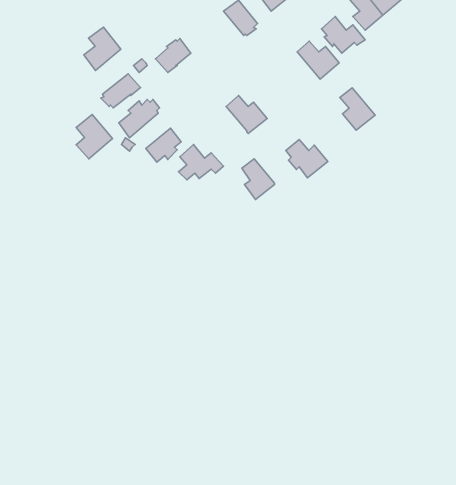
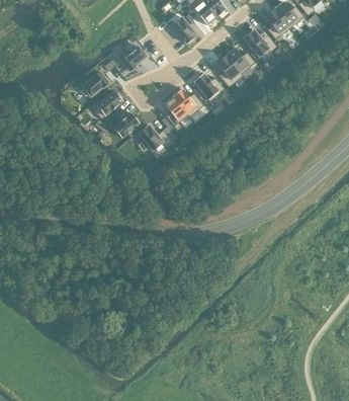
building: [84,27,121,71] -> none
building: [340,88,375,130] -> [215,55,242,86]
building: [76,115,113,159] -> none
building: [286,140,328,178] -> [192,72,224,100]
building: [242,159,275,200] -> [163,95,187,126]

